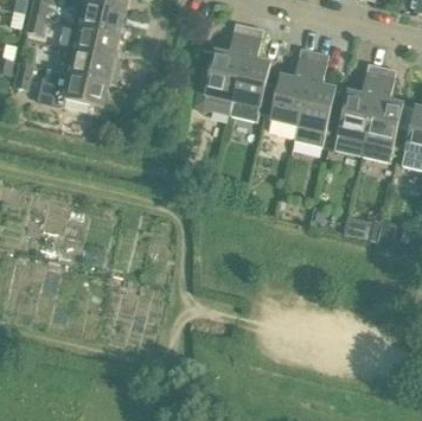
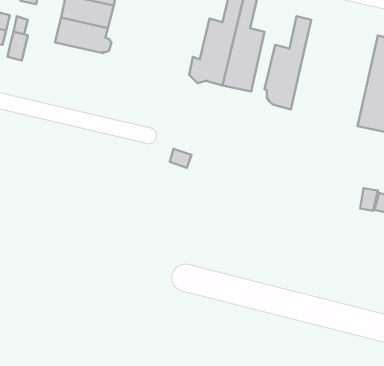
building: [294,50,335,146] -> none
building: [333,63,382,155] -> none
building: [50,70,109,106] -> none

